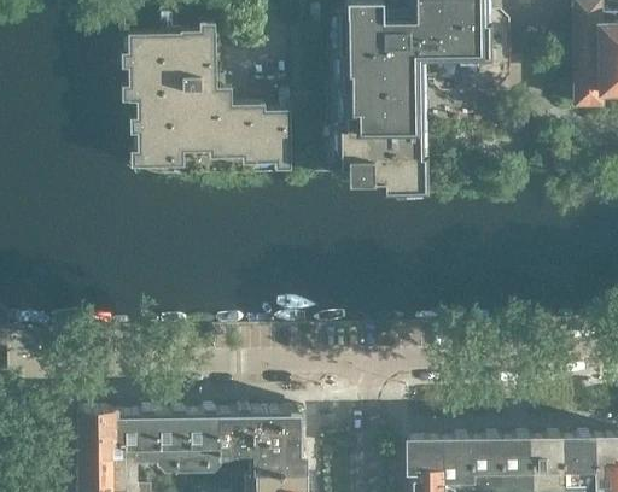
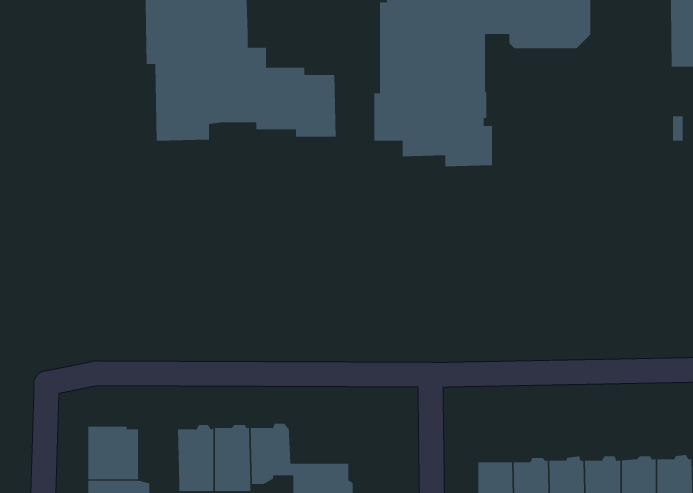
building: [126,409,159,458] -> none
building: [253,410,304,441] -> none

